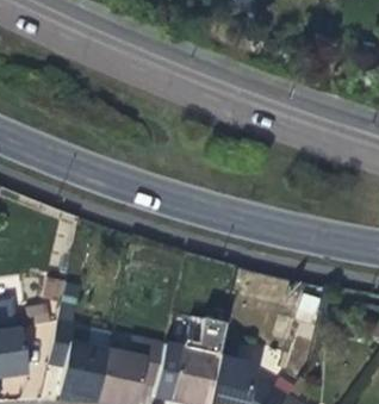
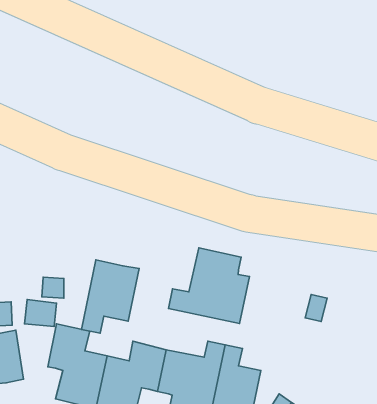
building: none -> [168,248,249,324]
building: none -> [81,260,139,333]

